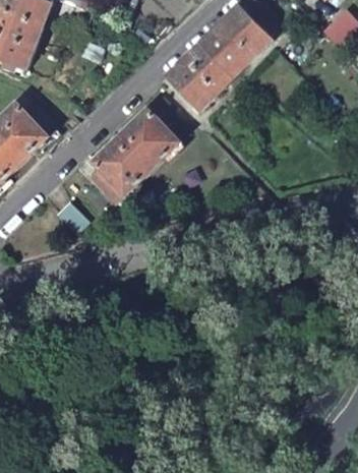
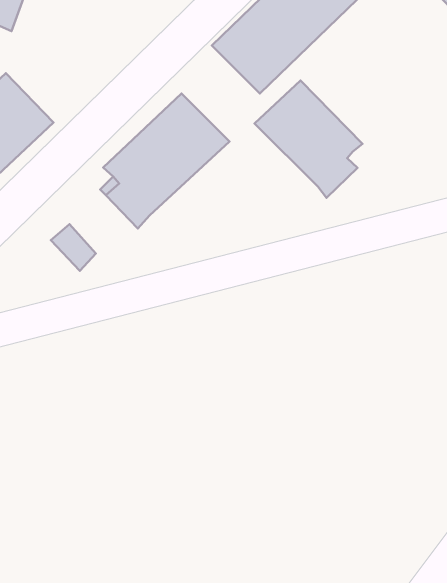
building: none -> [255,81,362,198]

